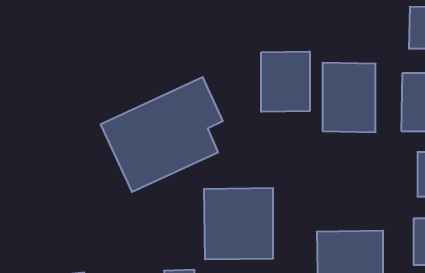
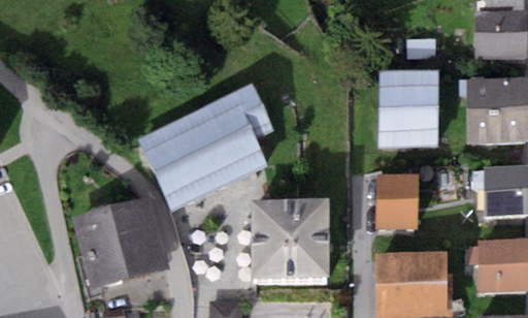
building: [261,51,310,112] -> none
building: none -> [375,181,419,232]
building: none -> [73,201,169,294]

